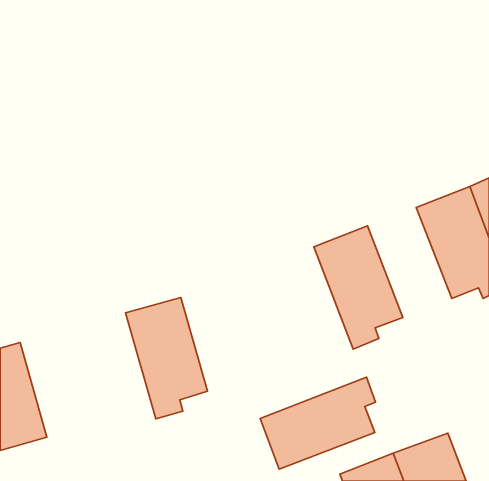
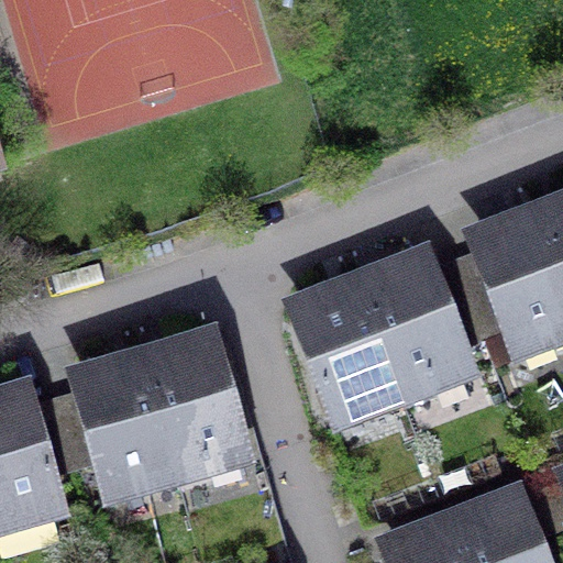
building: none -> [298,284,406,412]
building: none -> [80,360,179,487]
building: [260,377,376,469] -> none

